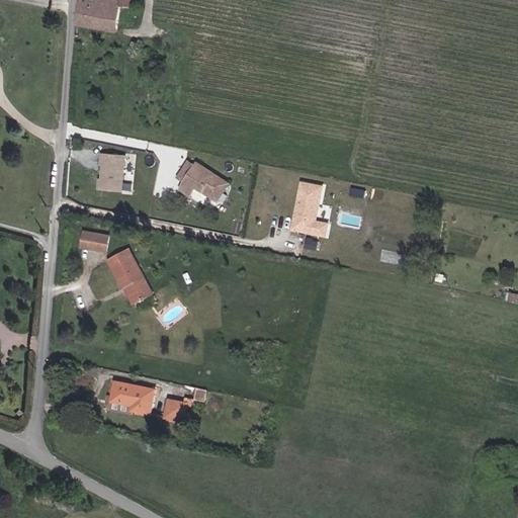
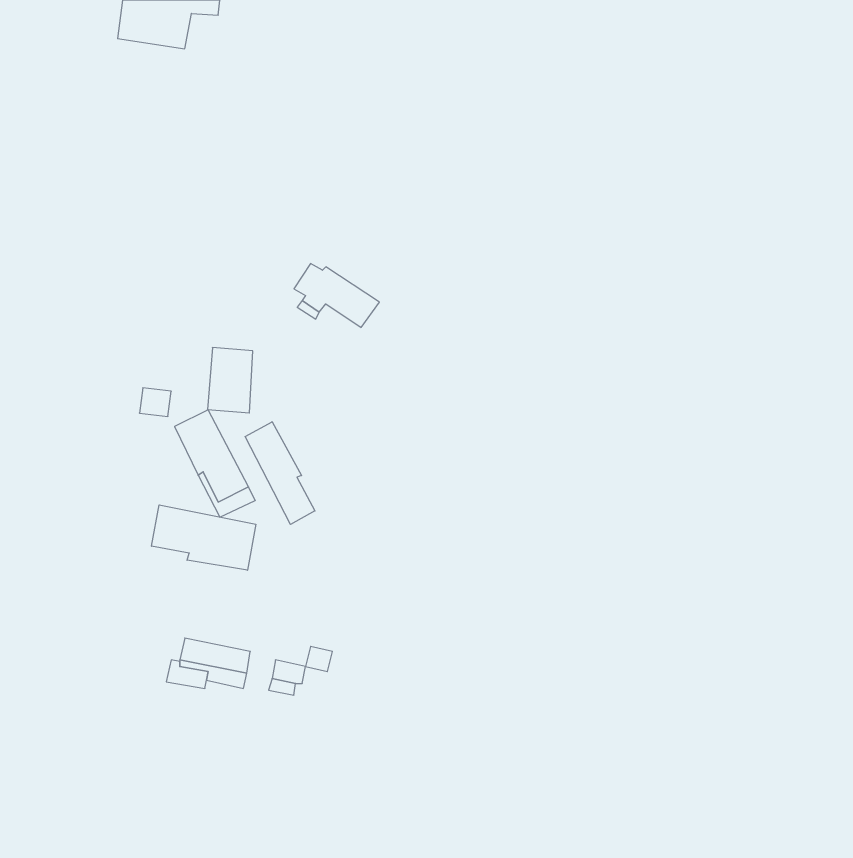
building: [98,152,125,191] -> [207,348,253,413]
building: [290,180,329,237] -> none
building: none -> [245,422,315,524]
building: none -> [152,505,256,570]

